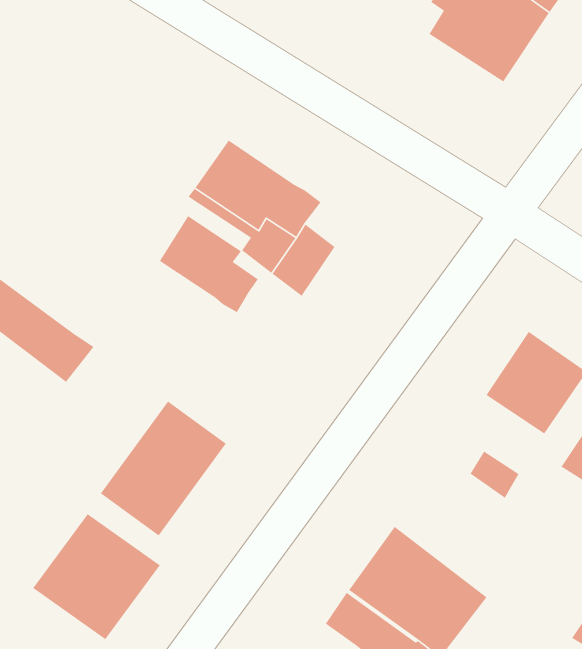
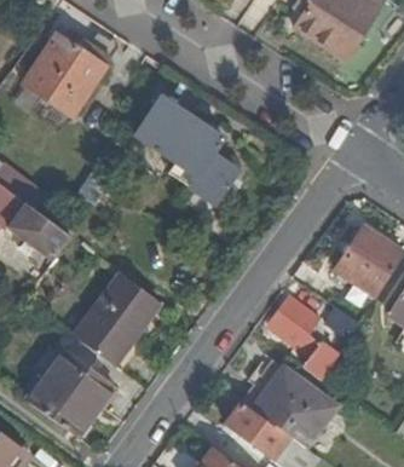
building: none -> [25,34,106,117]
building: [159,215,259,313] -> none
building: none -> [269,295,339,380]

